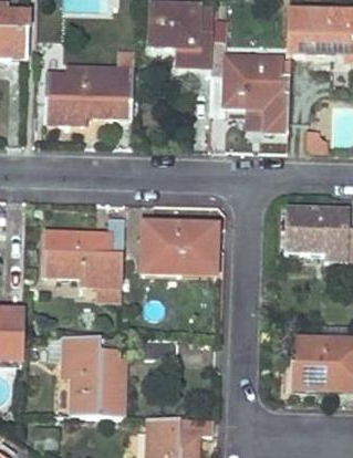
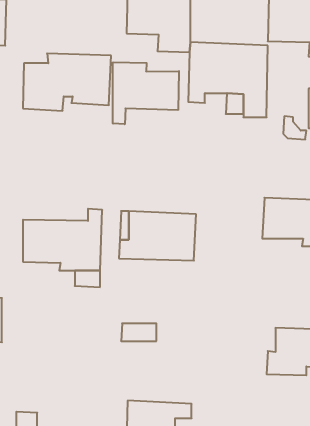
building: none -> [113,62,179,124]
building: [49,334,124,415] -> none

